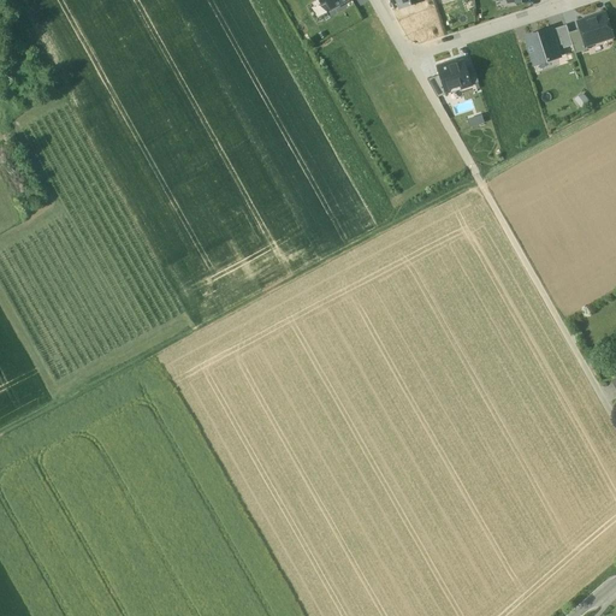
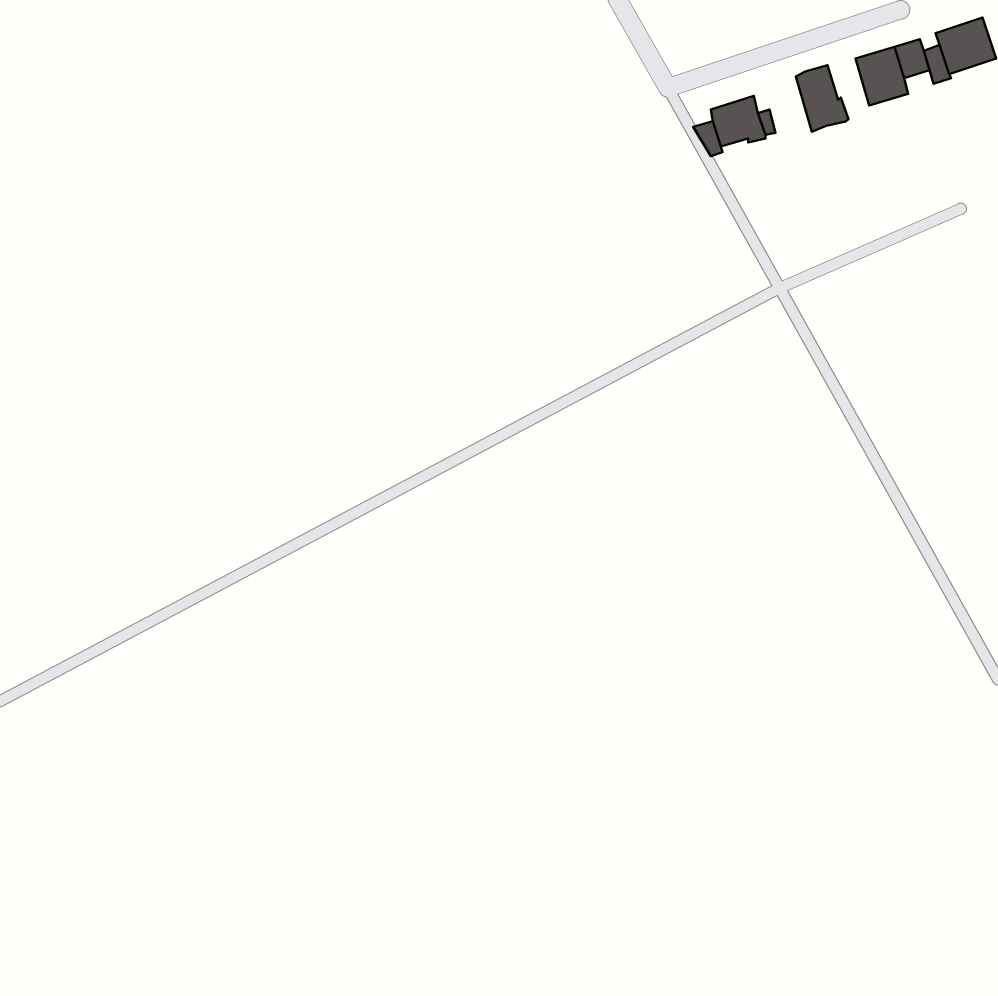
building: none -> [796,65,849,132]

